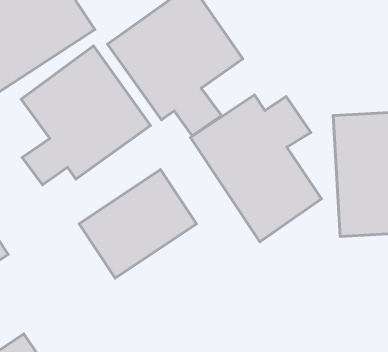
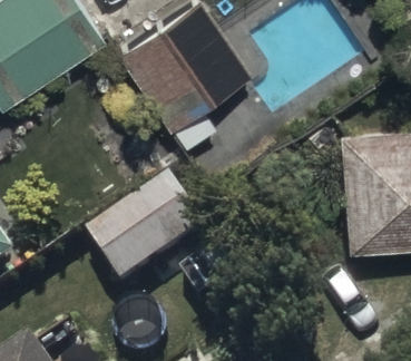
building: [21,46,151,185] -> none
building: [190,95,322,242] -> none

